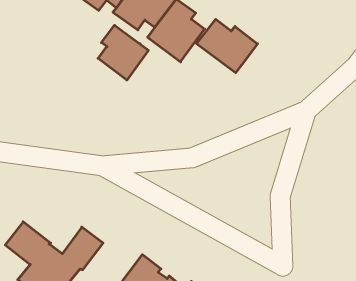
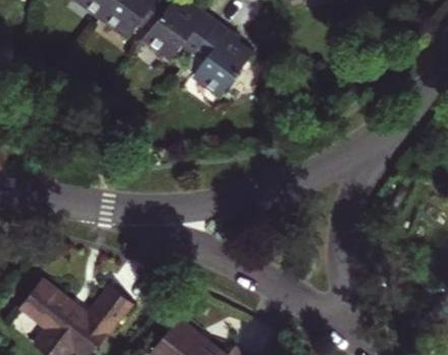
building: [197,19,258,73] -> none
building: [98,25,148,80] -> none

